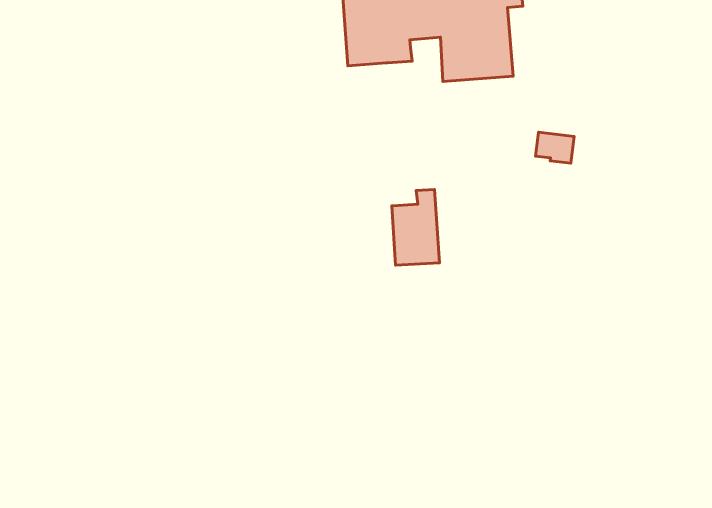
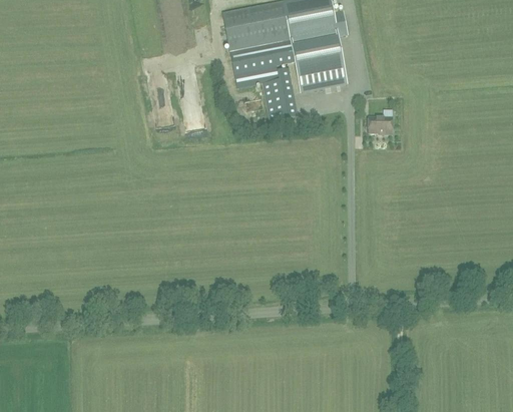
building: [392,190,440,265] -> [261,66,297,119]

